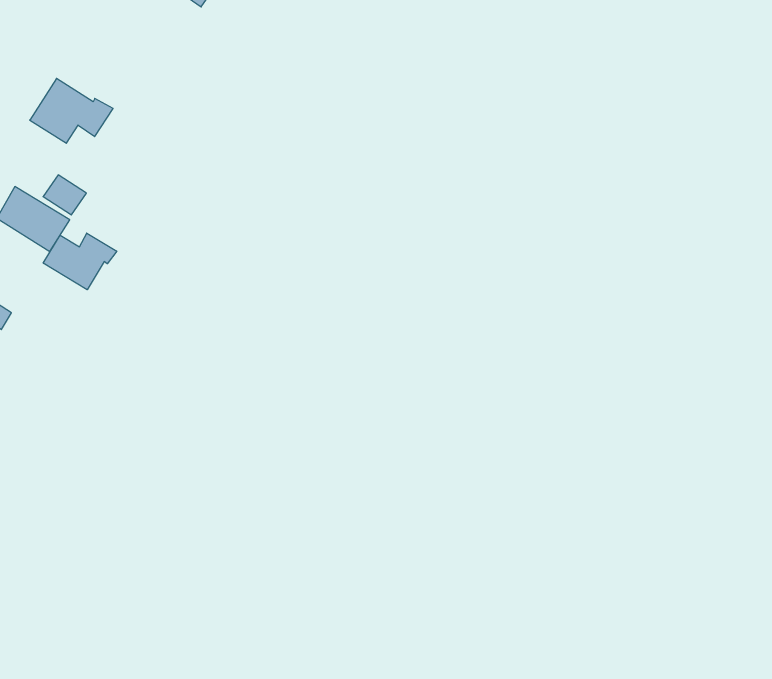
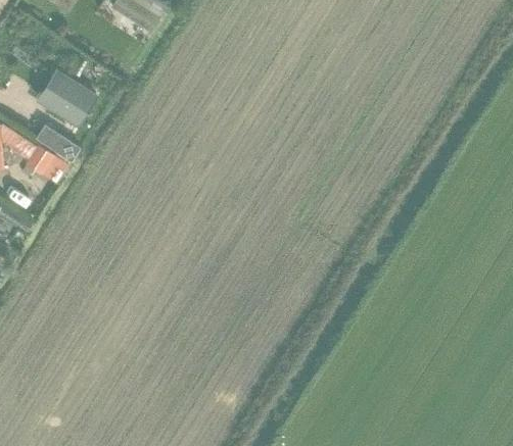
building: [43,233,117,290] -> none

